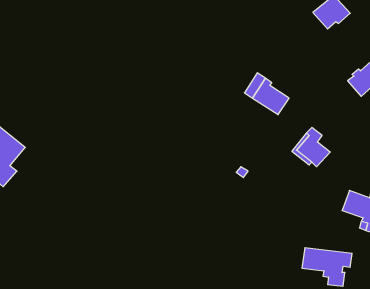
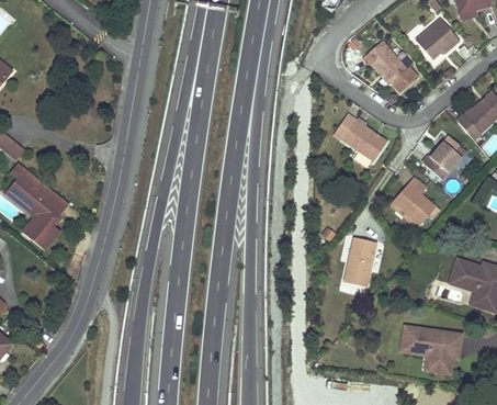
building: none -> [362,41,418,94]
building: none -> [421,136,466,180]
building: none -> [344,236,376,286]

